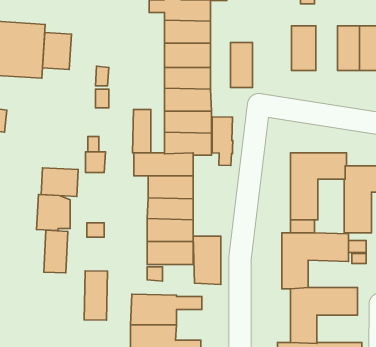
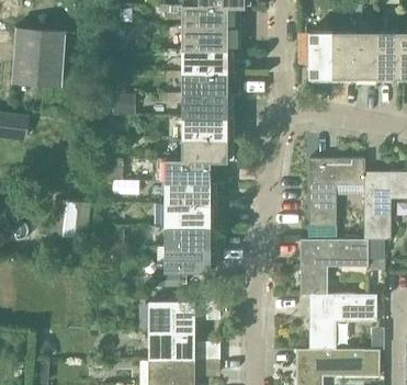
building: [42,33,72,69] -> none
building: [231,43,253,87] -> [335,32,357,77]
building: [133,109,151,153] -> none
building: [212,117,233,165] -> none
building: [41,168,78,196] -> none
building: [44,230,68,273] -> none
building: [193,236,221,284] -> none
building: [84,271,108,320] -> none

